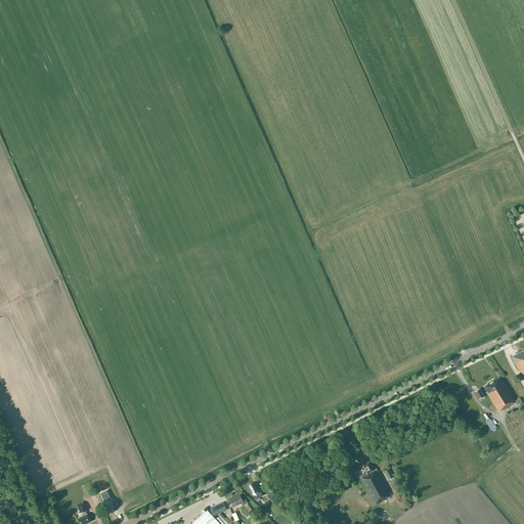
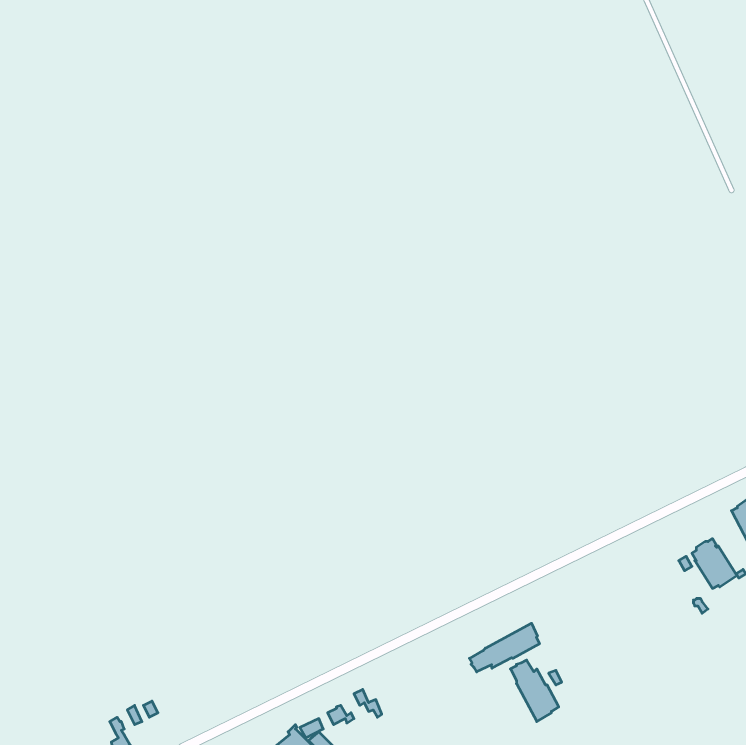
building: none -> [469,623,539,672]

